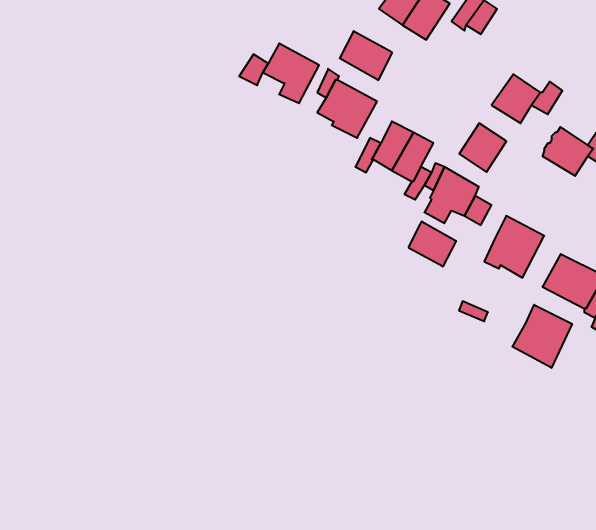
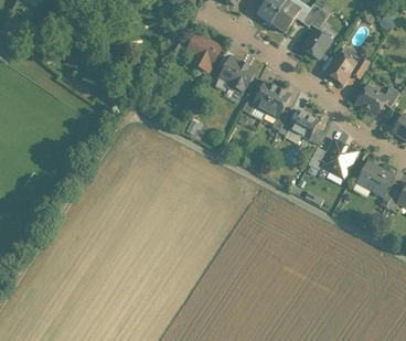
building: [340,31,392,80] -> none
building: [459,123,506,172] -> [302,29,331,58]
building: [409,221,456,267] -> none
building: [512,305,572,368] -> none

